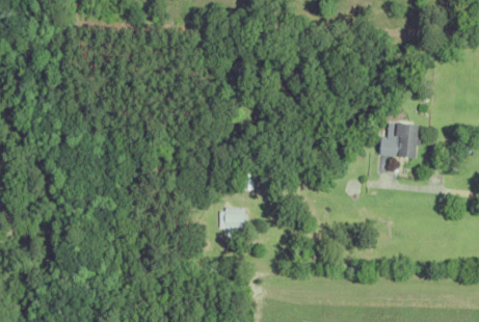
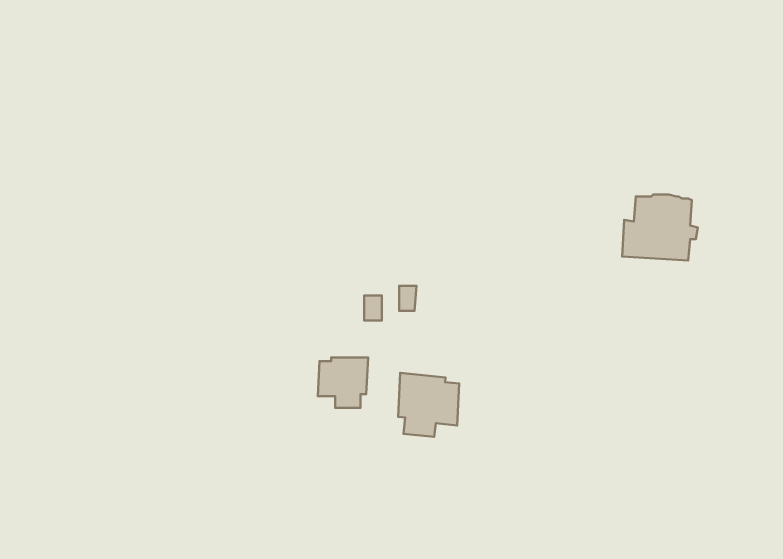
building: none -> [398,373,459,437]

